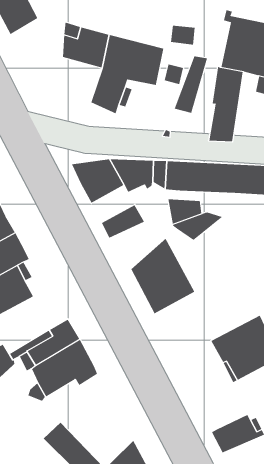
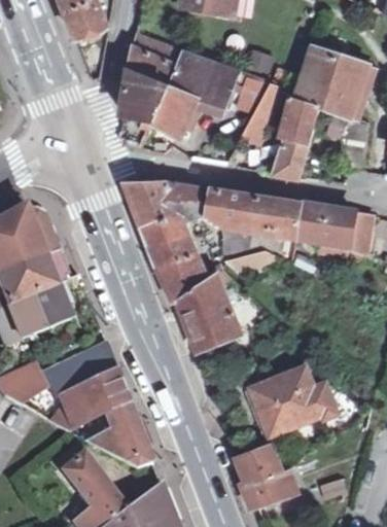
building: none -> [121,68,170,122]
building: none -> [142,211,188,248]
building: none -> [156,252,221,303]
building: none -> [84,408,150,467]
building: none -> [238,444,283,481]

